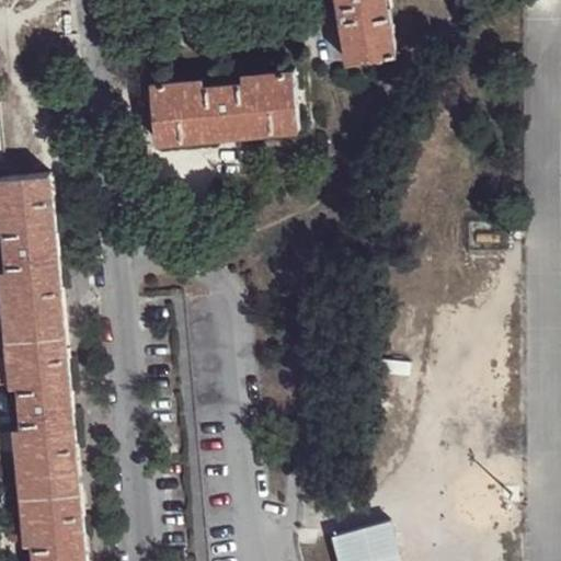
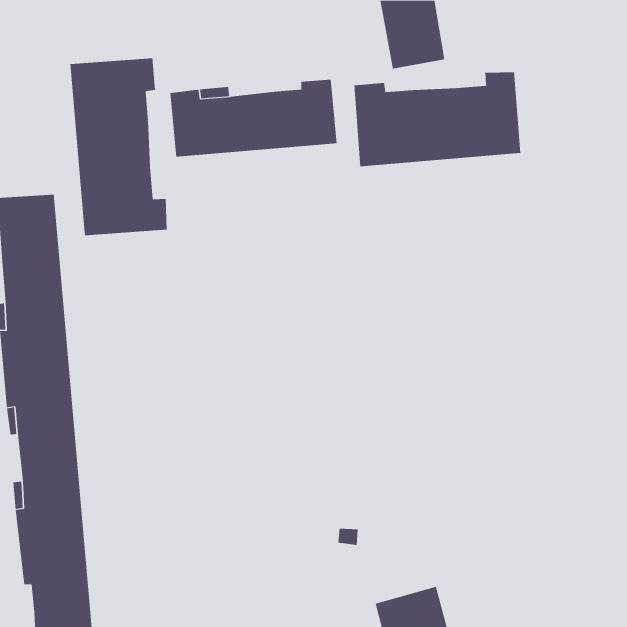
building: none -> [70,57,167,236]
building: none -> [354,71,521,167]

